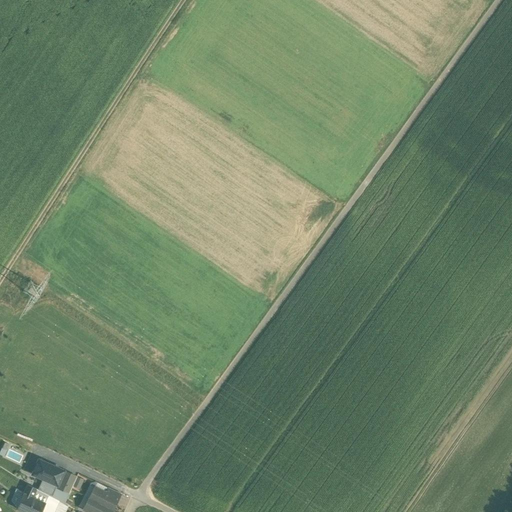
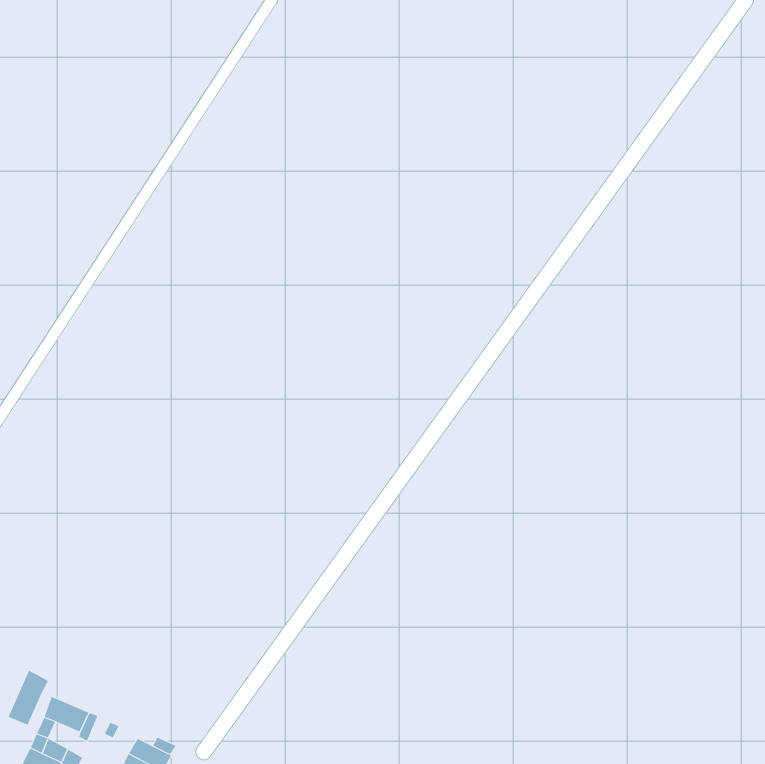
building: none -> [8,670,48,726]

